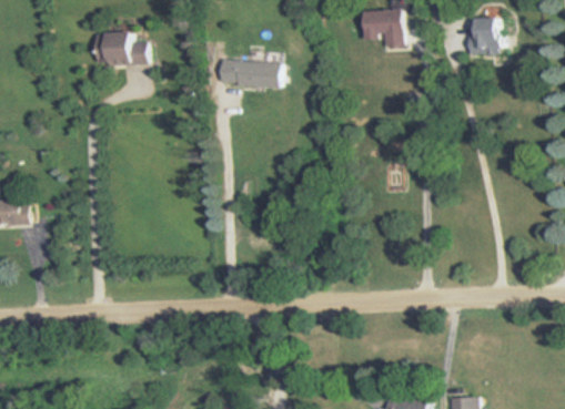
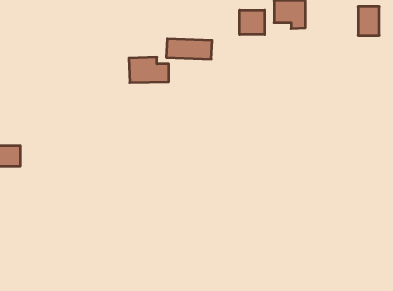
building: none -> [240,10,265,35]
building: [94,31,147,64] -> [129,57,169,83]

